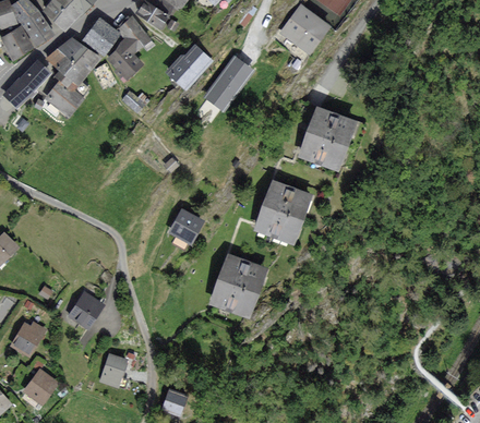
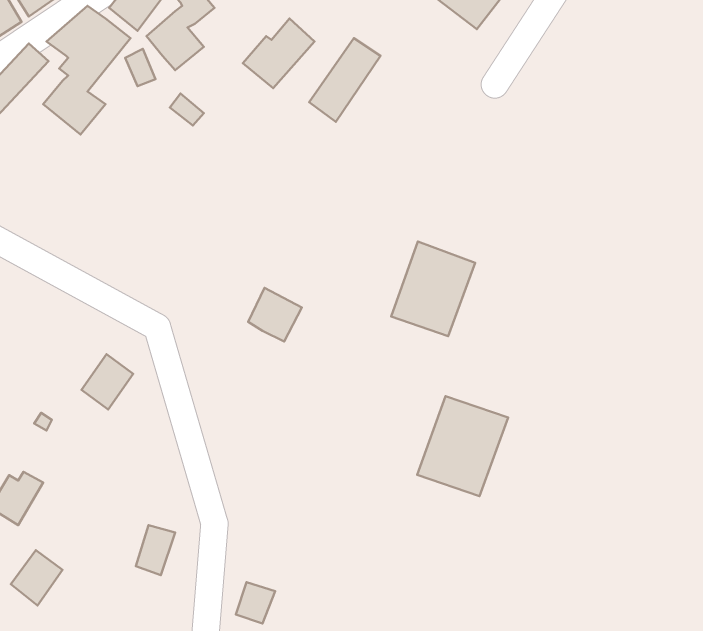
building: [300,108,353,167] -> none
building: [211,254,266,315] -> [417,396,508,496]
building: [70,292,101,326] -> [81,354,133,409]

